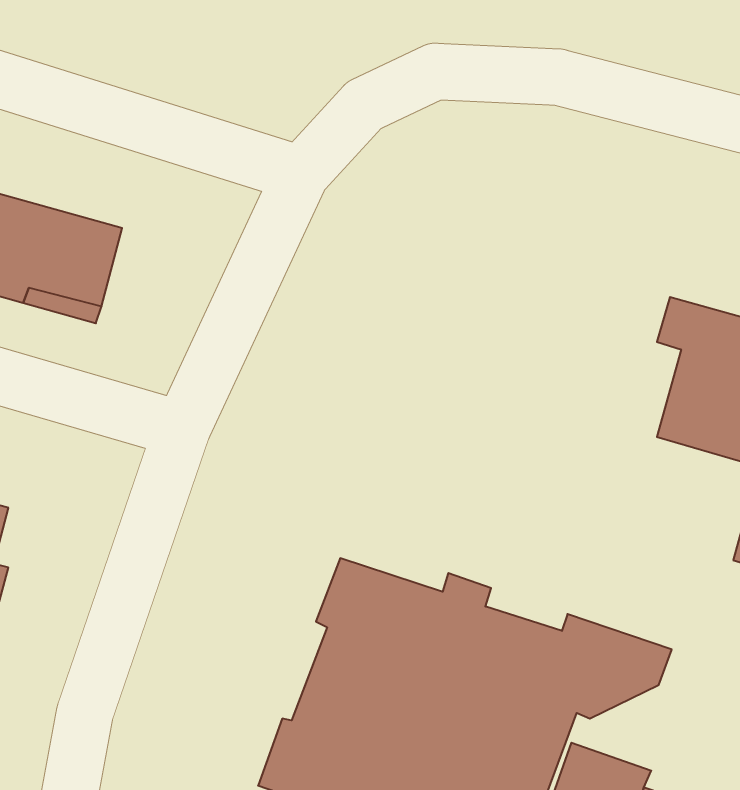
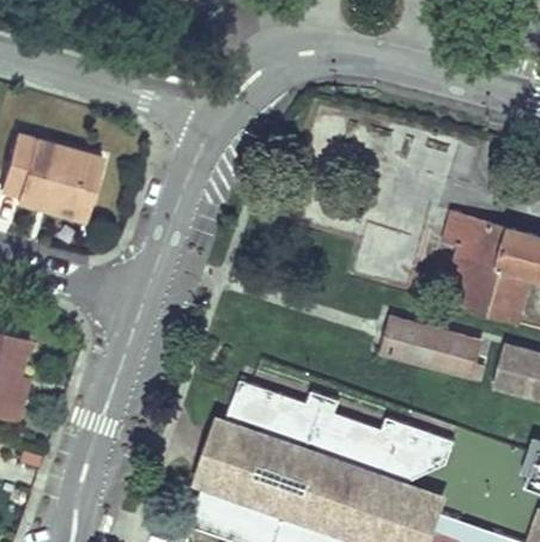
building: none -> [383,315,484,377]

